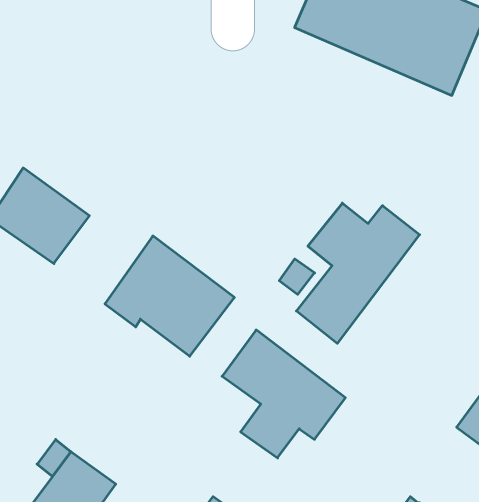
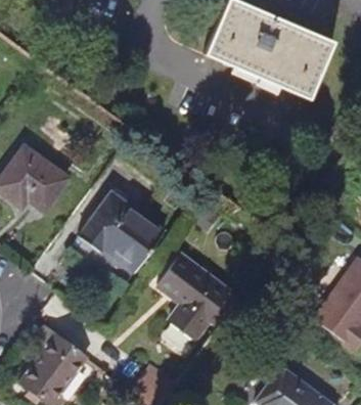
building: [296,203,420,343] -> none

